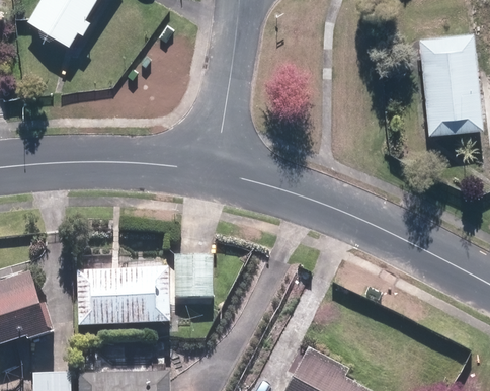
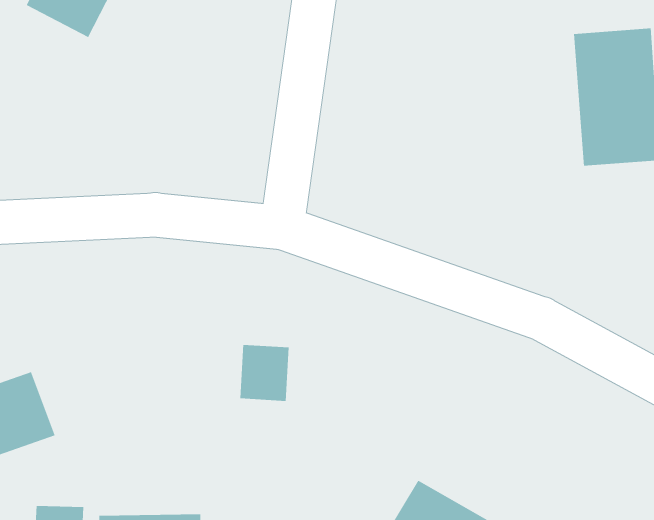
building: [78,266,171,326] -> none

